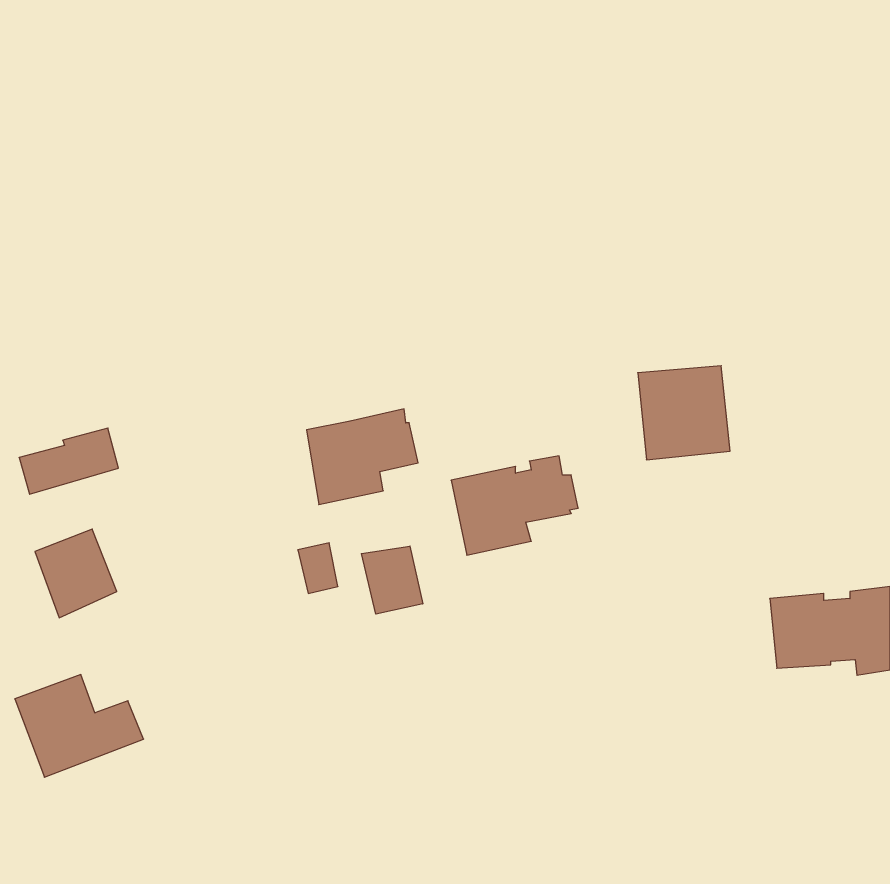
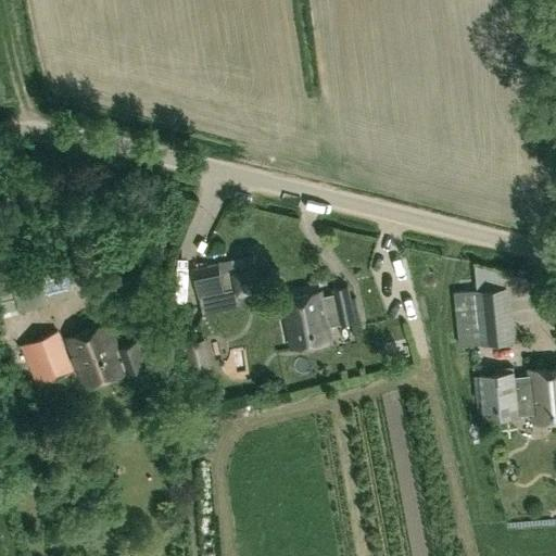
building: [638,366,730,460] -> [453,290,510,349]
building: [361,546,423,614] -> none
building: [15,675,144,777] -> [67,326,148,390]

